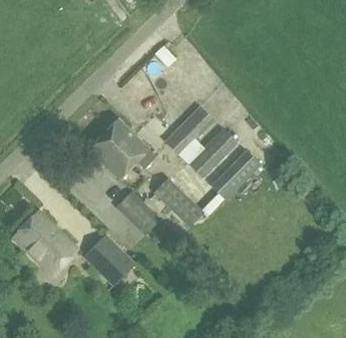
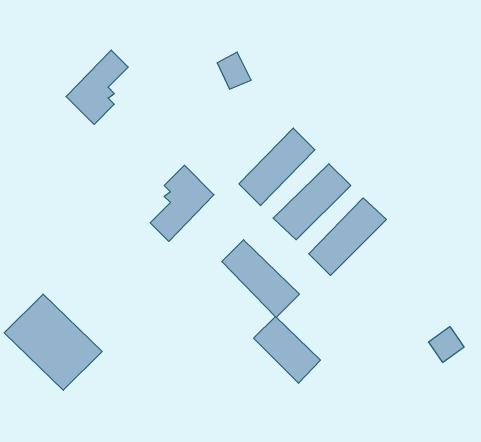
building: [89,118,129,166] -> [66,50,128,124]
building: [117,192,160,235] -> [254,317,320,383]
building: [82,234,135,287] -> none

